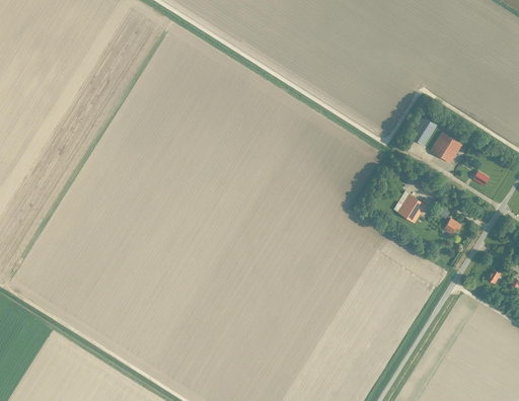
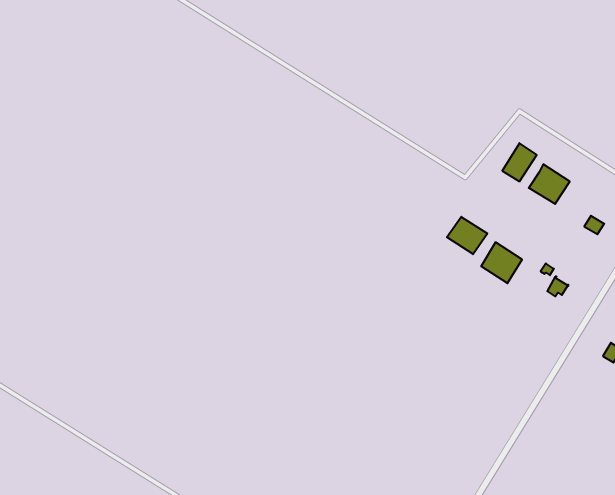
building: none -> [447,217,487,254]

